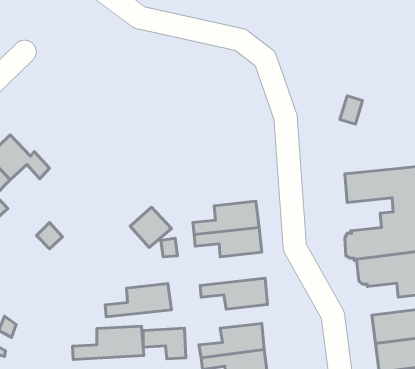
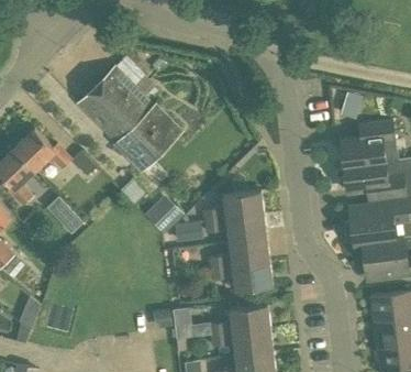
building: none -> [75,52,181,172]
building: none -> [341,119,397,165]
building: [105,284,171,317] -> [209,238,270,269]
building: [72,326,144,360] -> none

